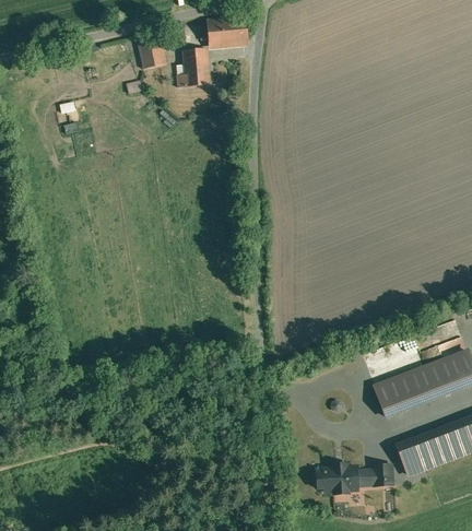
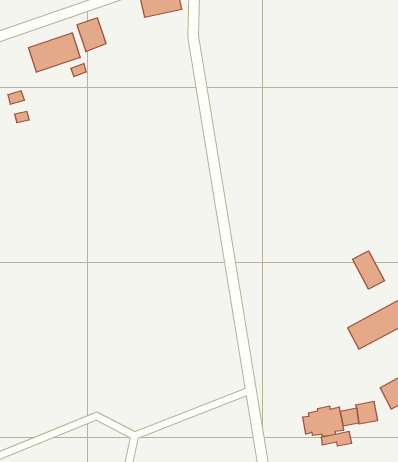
building: none -> [28,33,80,72]
building: [176,48,210,86] -> none
building: none -> [353,251,385,289]

